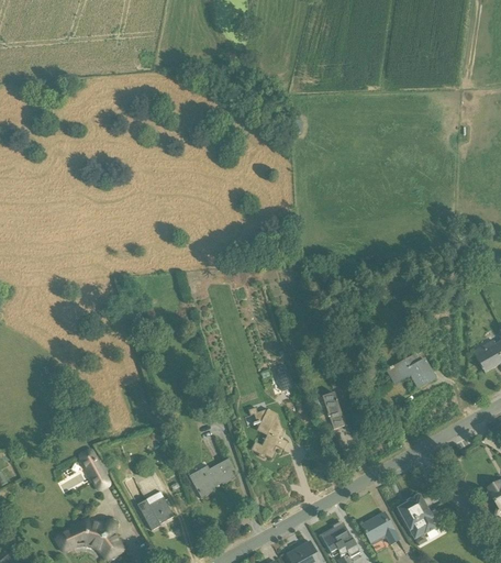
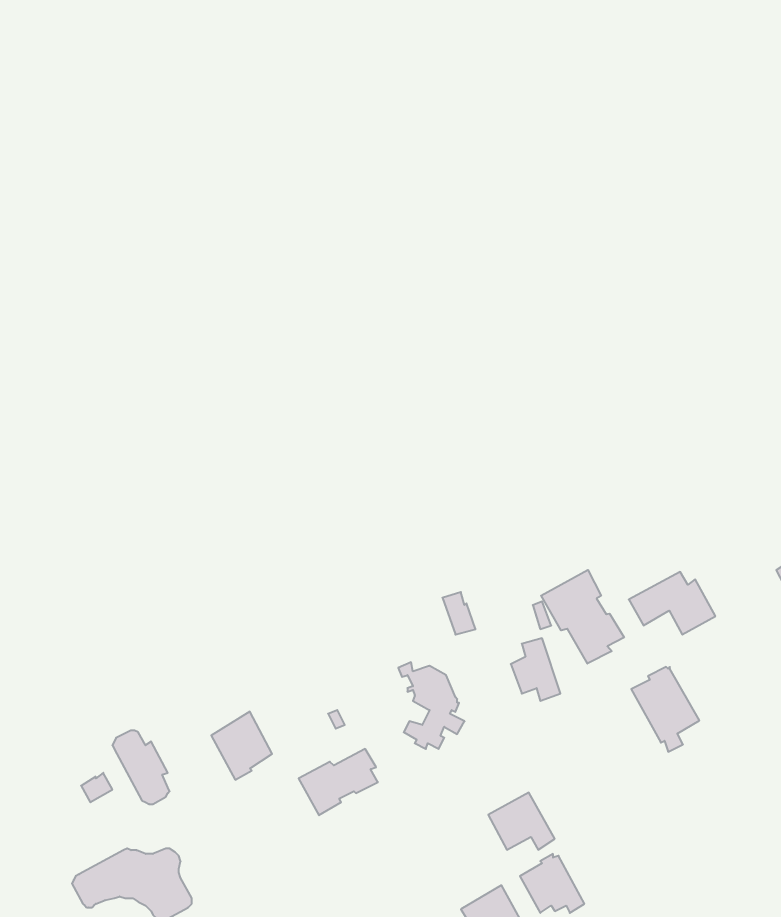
building: none -> [541,570,624,664]
building: [136,490,172,531] -> [211,712,272,780]
building: [396,495,436,545] -> [631,667,699,752]
building: [359,511,399,545] -> [488,793,555,850]

